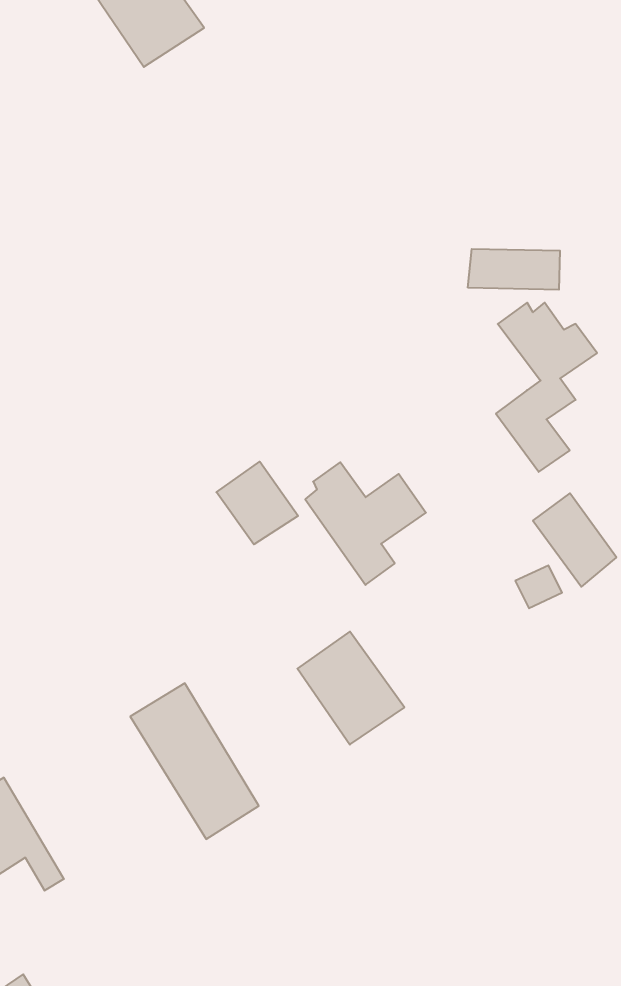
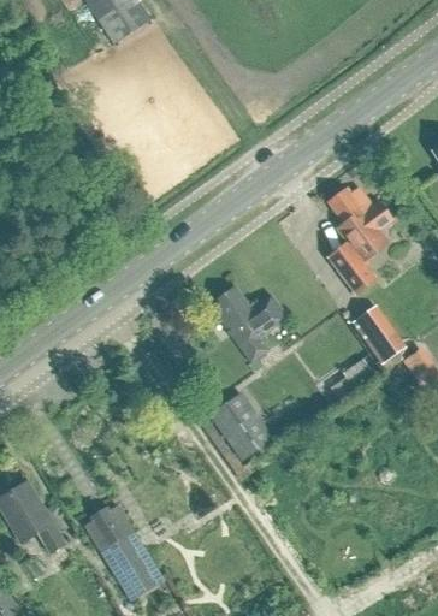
building: [468,249,560,290] -> none
building: [216,462,298,544] -> none
building: [130,683,259,839] -> [84,504,164,600]

